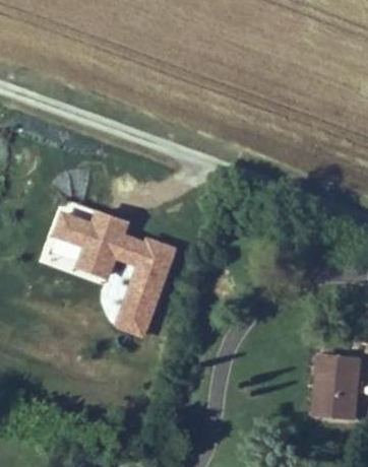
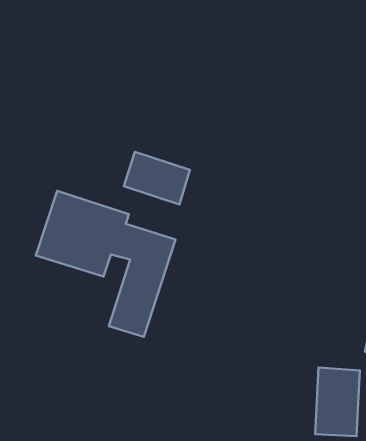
building: none -> [124,152,190,205]

